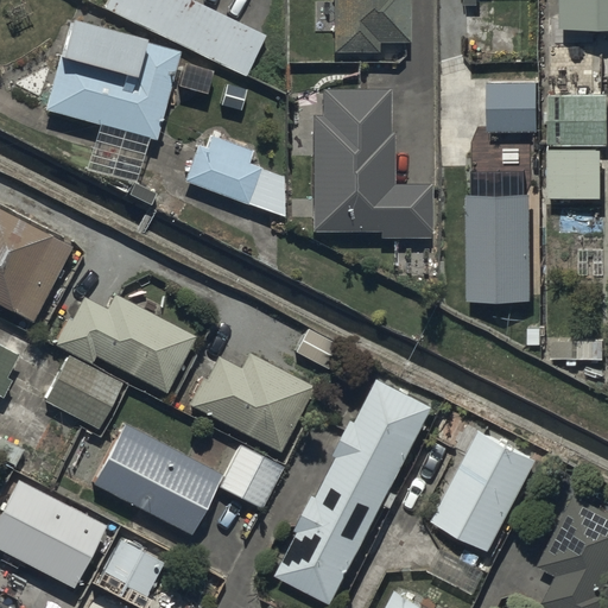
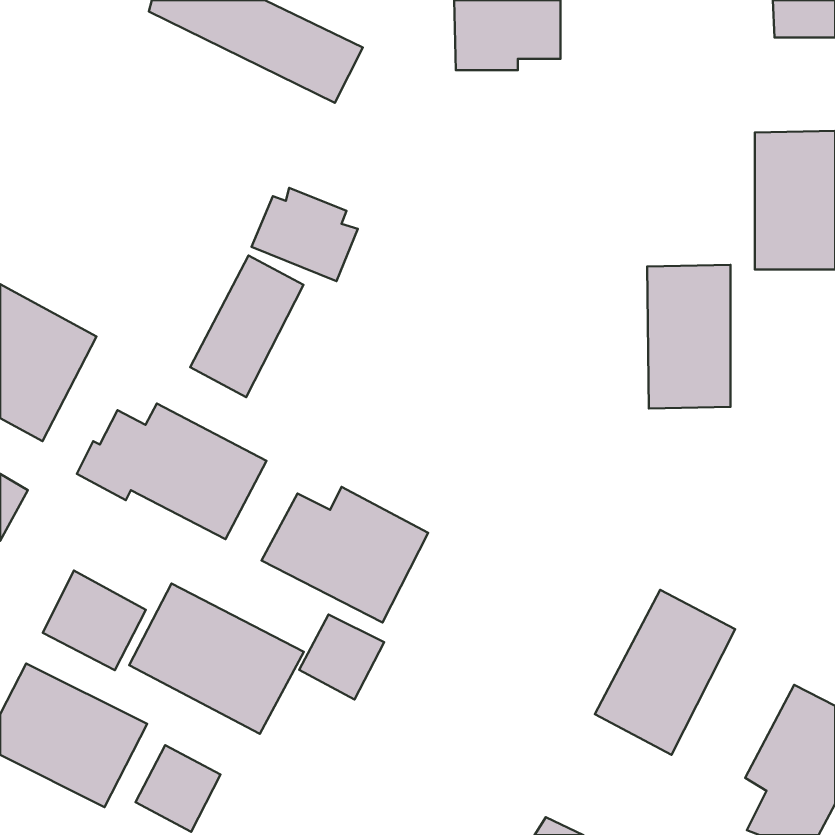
building: [46,17,178,169] -> none
building: [488,80,538,128] -> none
building: [309,88,430,240] -> none
building: none -> [190,255,303,397]
building: [44,355,119,428] -> [43,571,146,670]
building: [277,380,433,600] -> none

